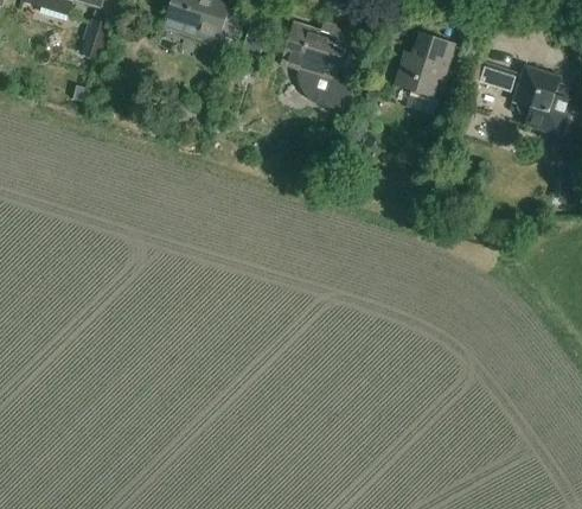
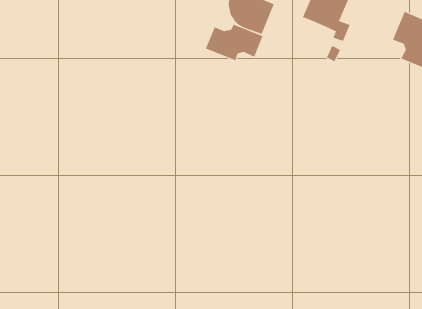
building: [478,63,517,94] -> none
building: none -> [205,24,263,61]

